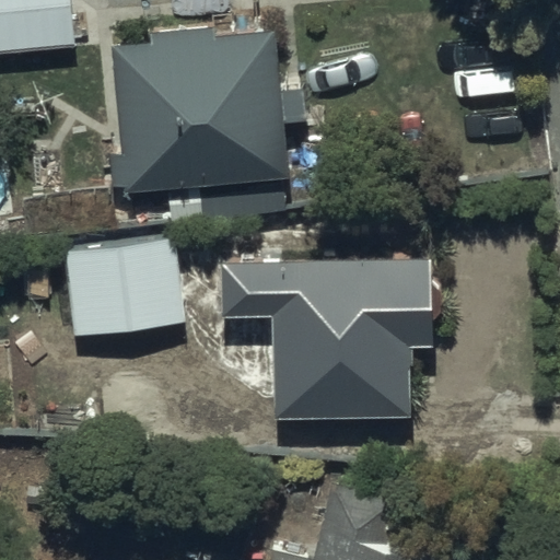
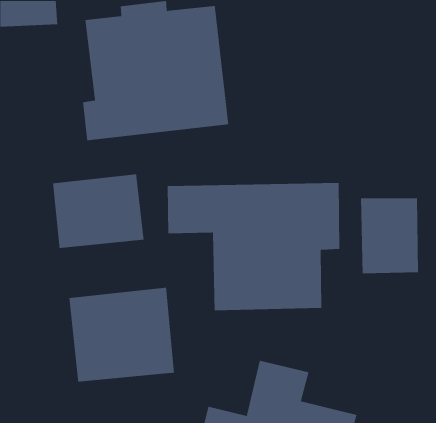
building: none -> [360,197,419,274]
building: none -> [69,287,175,382]

